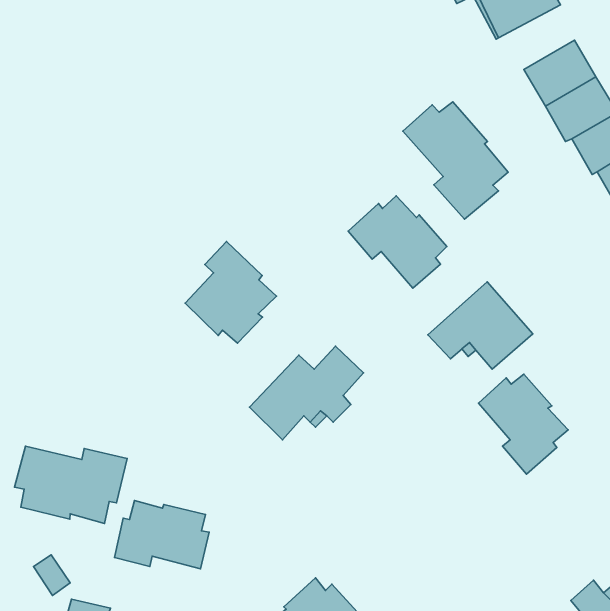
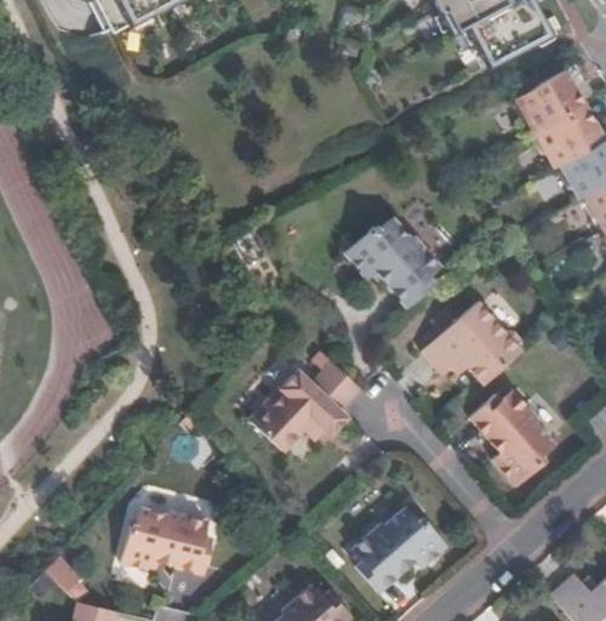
building: [403,102,508,219] -> none
building: [185,241,277,343] -> none
building: [15,446,127,523] -> none
building: none -> [353,507,448,593]

